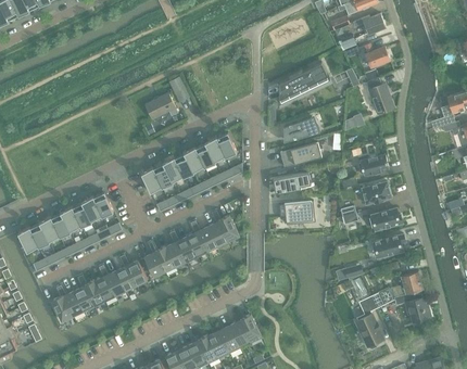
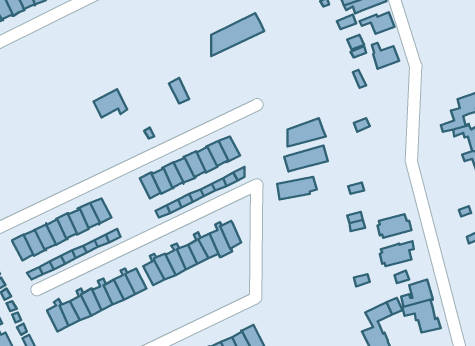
building: [278,63,329,104] -> [211,13,264,56]
building: [365,78,393,114] -> none
building: [144,93,177,120] -> [93,89,127,117]
building: [357,154,389,177] -> none
building: [359,182,391,205] -> none
building: [278,201,315,226] -> none

